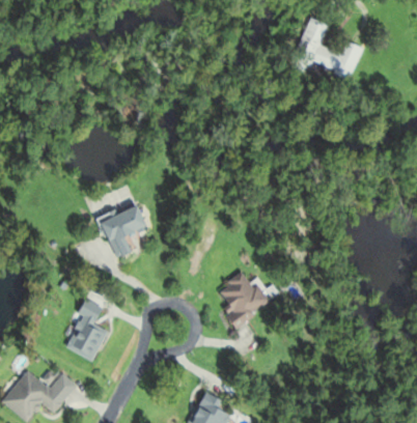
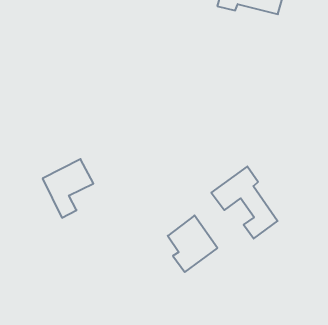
building: none -> [211,166,278,239]
building: [64,306,104,359] -> none

